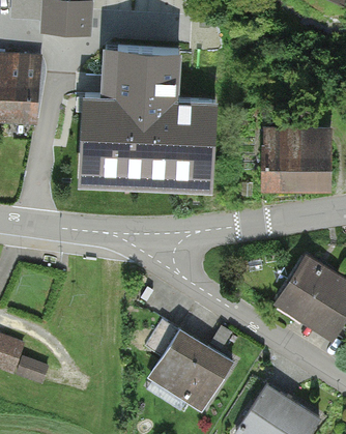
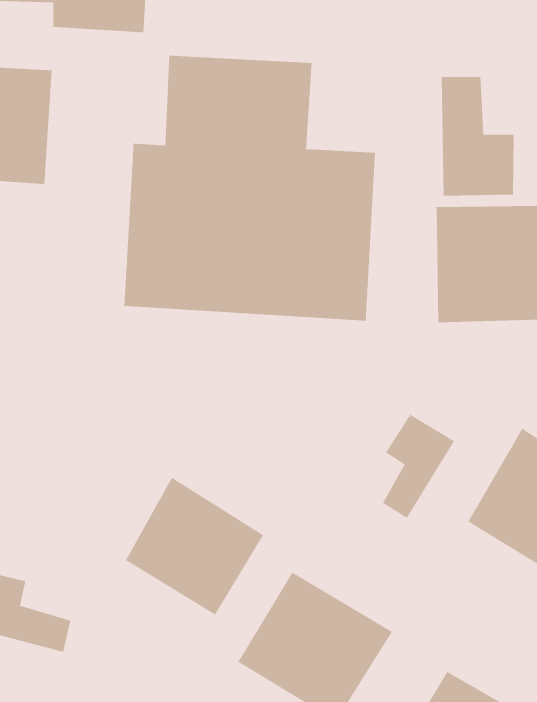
building: none -> [441,76,514,196]
building: none -> [382,414,455,519]
building: none -> [125,477,264,616]

